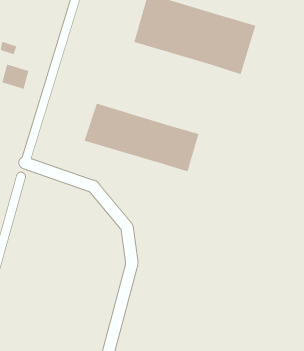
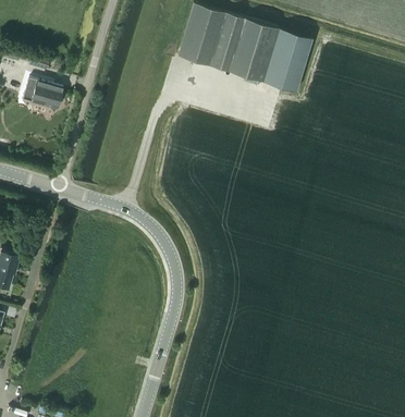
building: [84,103,199,172] -> none

